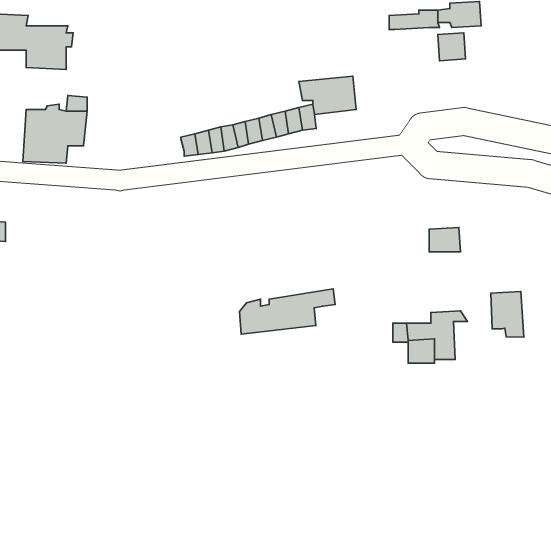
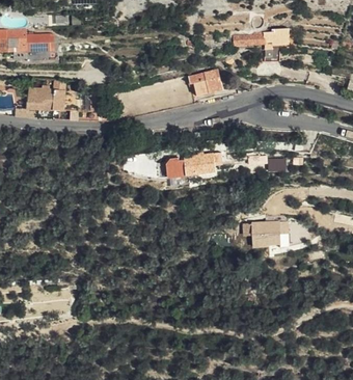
building: [240,289,335,334] -> [165,148,222,175]
building: [491,291,524,337] -> none

